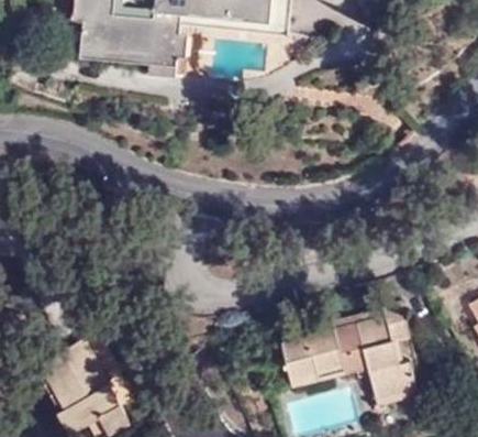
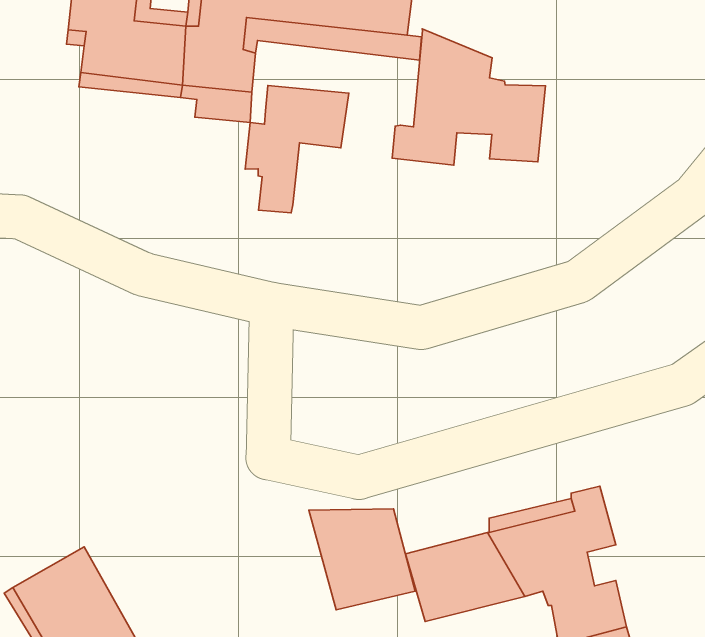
building: none -> [392,29,546,165]
building: none -> [245,86,349,213]
building: none -> [309,509,415,610]

